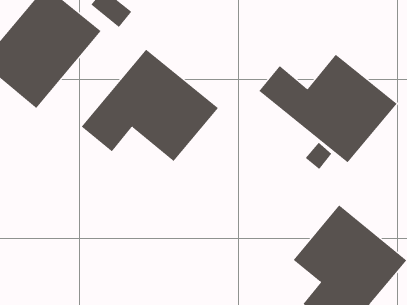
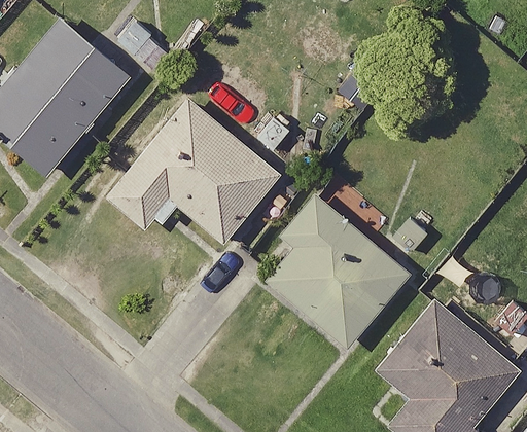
building: [258,54,398,163] -> none
building: none -> [265,194,410,348]

